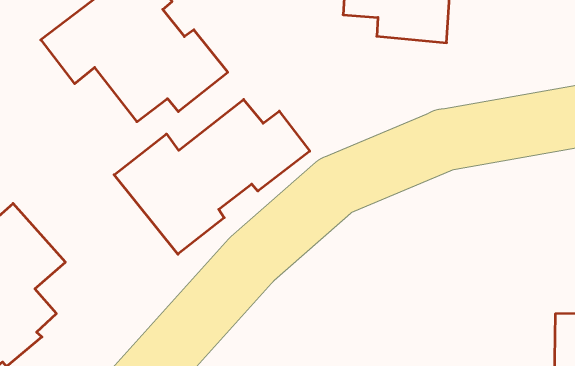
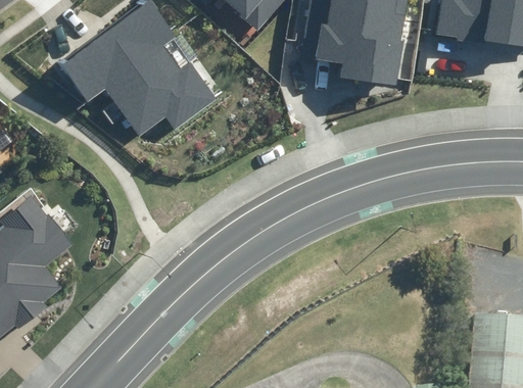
building: [114,99,310,254] -> none

